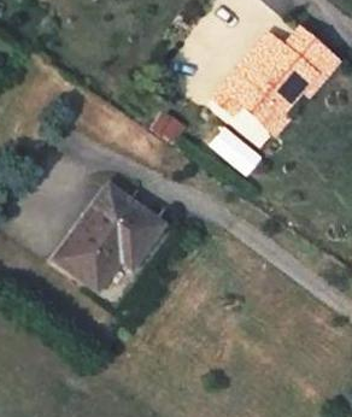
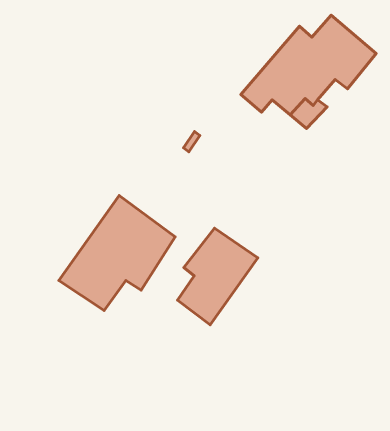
building: none -> [178,228,258,325]

